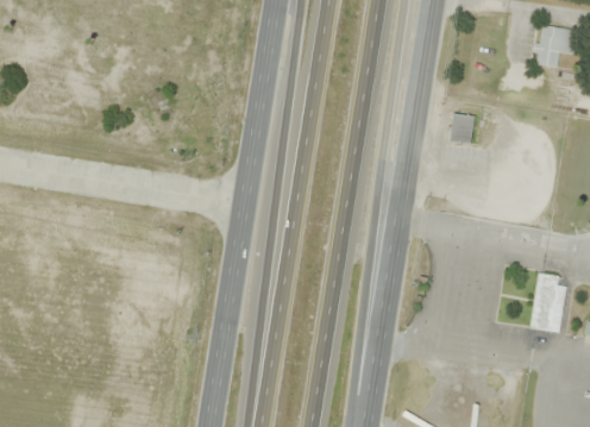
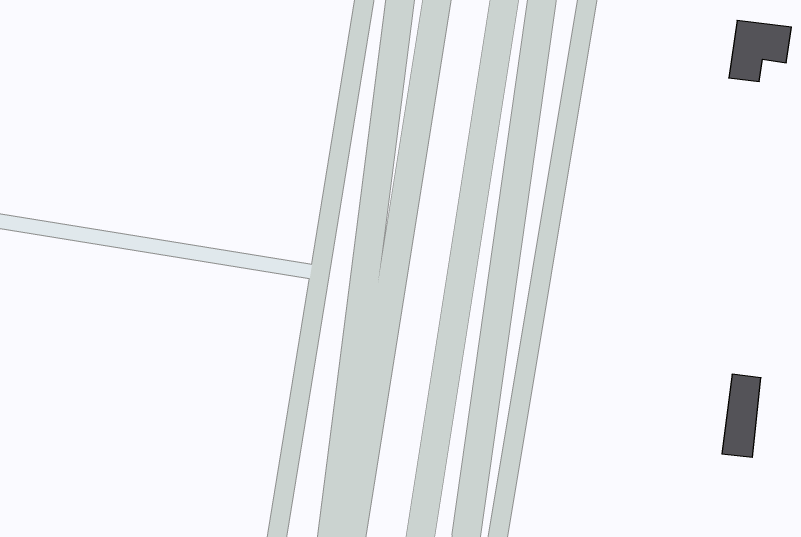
building: [448,113,476,144] -> none

